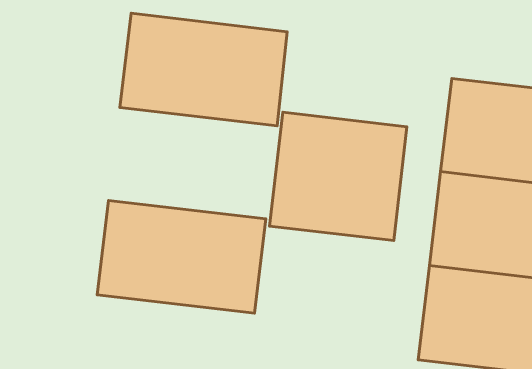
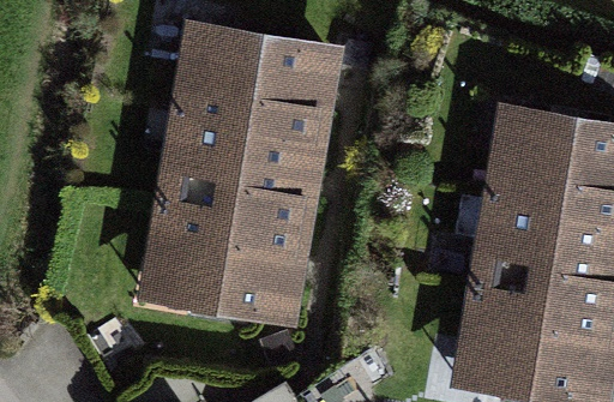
building: none -> [154,115,326,235]
building: [270,112,407,241] -> none

